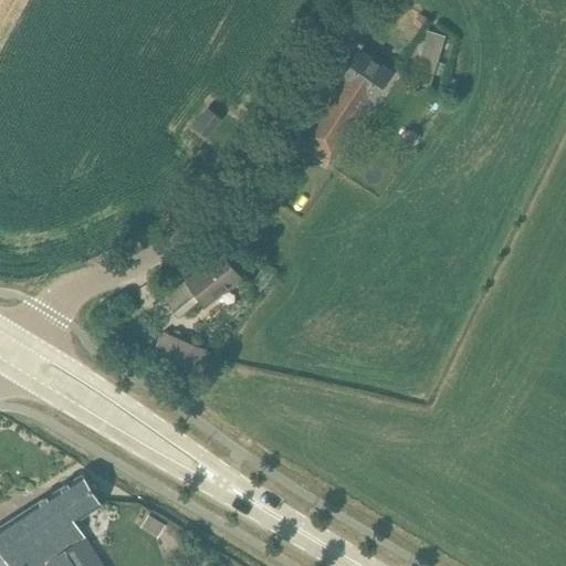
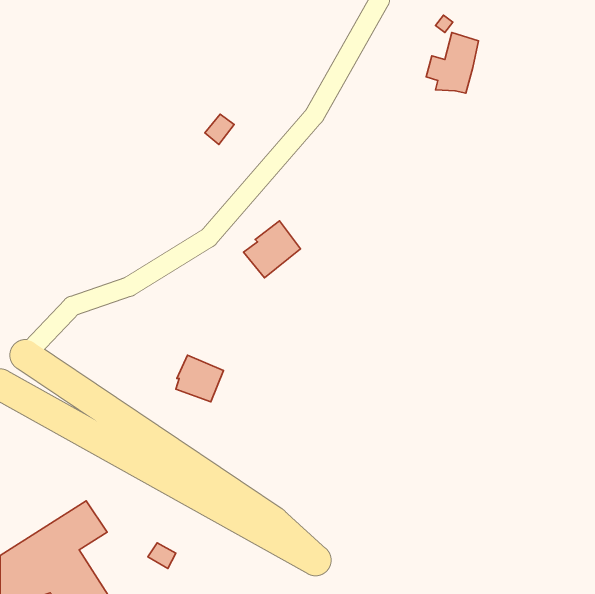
building: [302,52,391,168] -> none
building: [187,252,241,306] -> [243,221,301,278]

